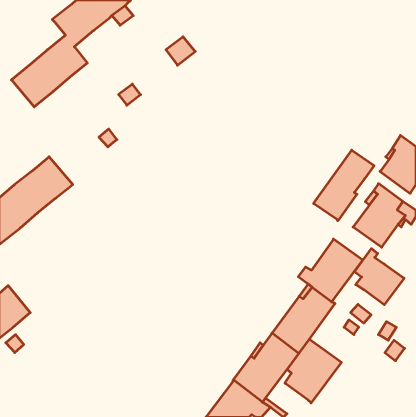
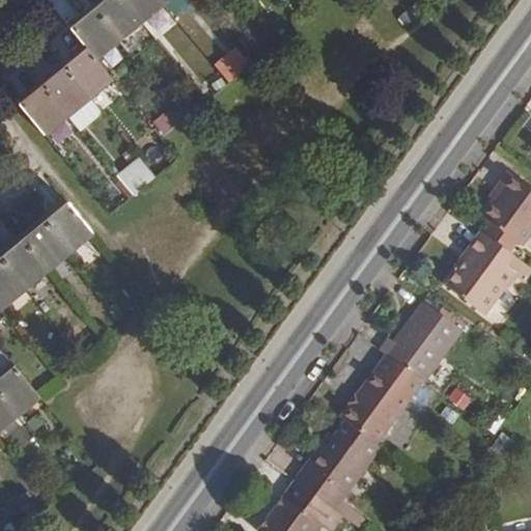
building: [314,150,374,221] -> none
building: [355,249,404,305] -> none
building: [285,339,341,403] -> none

